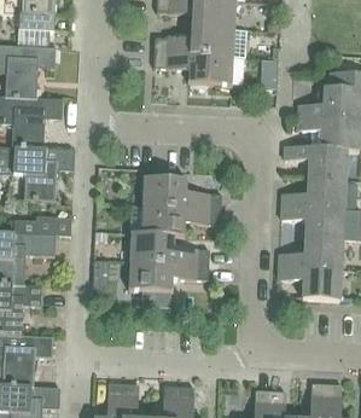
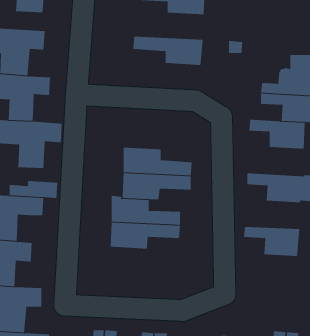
building: [155,27,246,57] -> none
building: [281,178,347,210] -> none
building: [279,238,343,269] -> none

